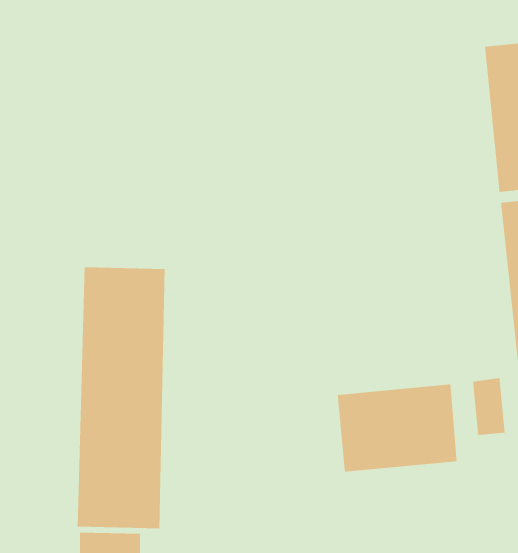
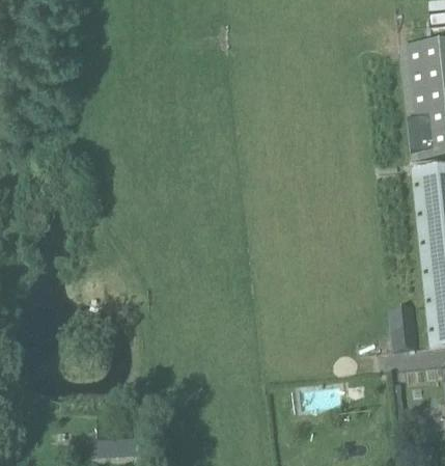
building: [77,267,165,529] -> none
building: [337,383,458,472] -> none

